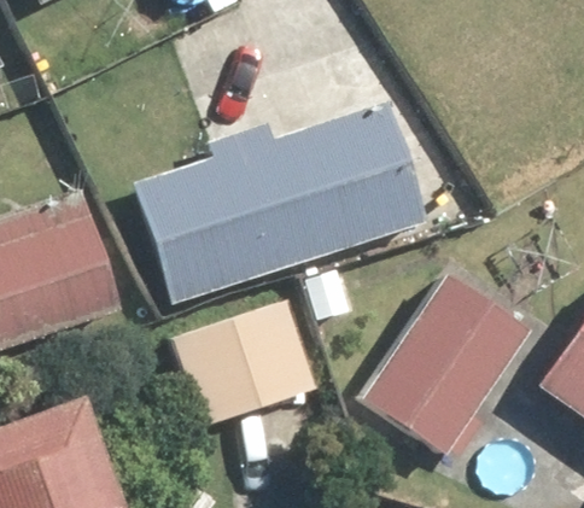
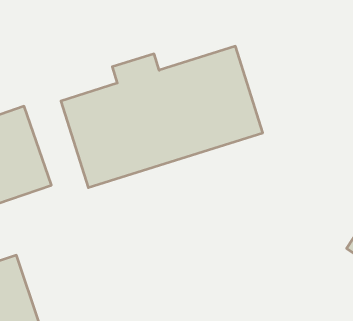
building: [364,268,538,457] -> none
building: [171,302,310,427] -> none

